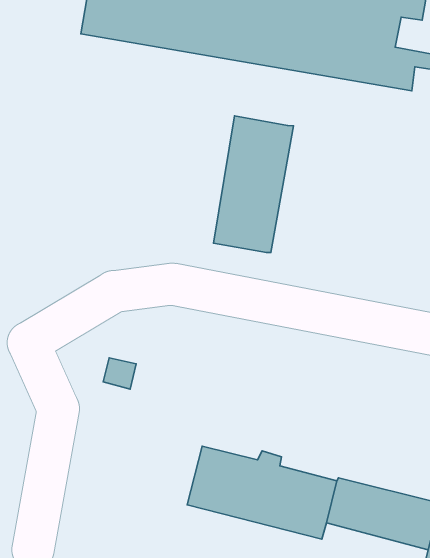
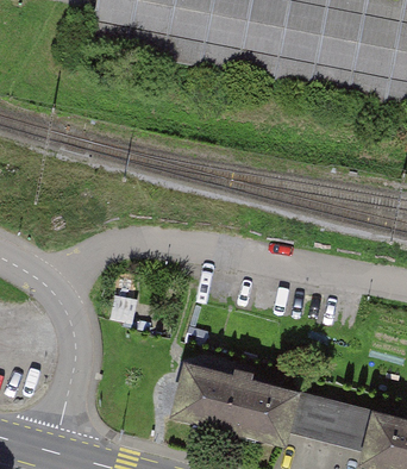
building: [213,116,294,253] -> none

